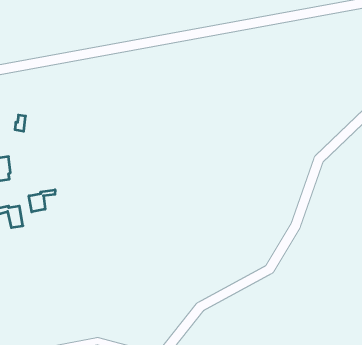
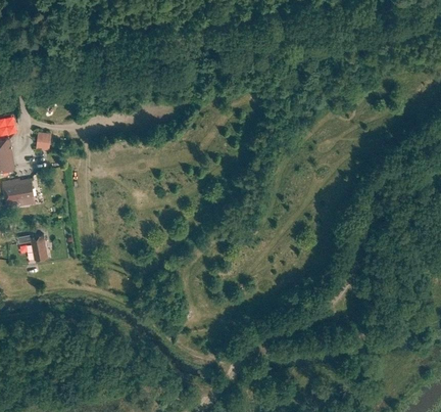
building: [29,190,55,212] -> none

